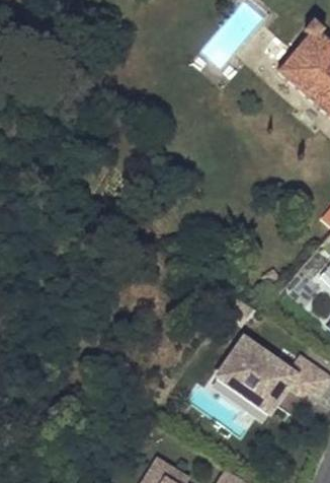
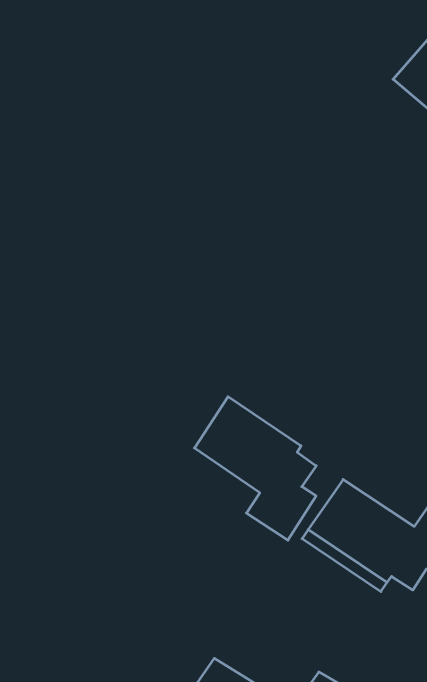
building: none -> [194,397,316,540]

